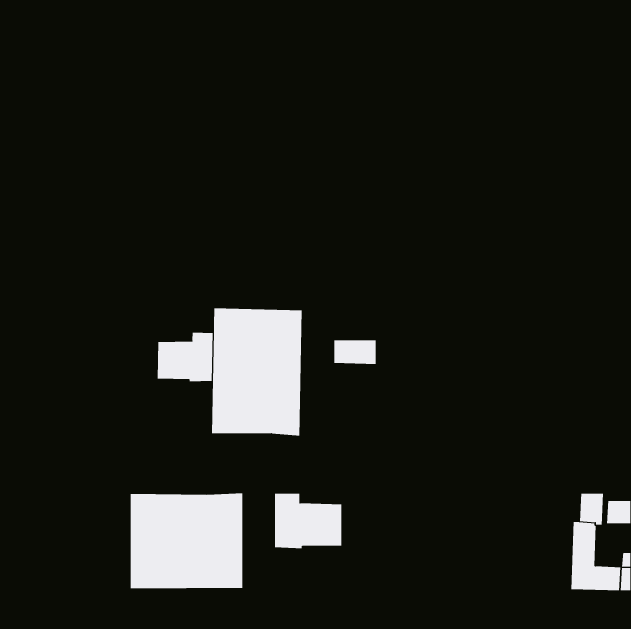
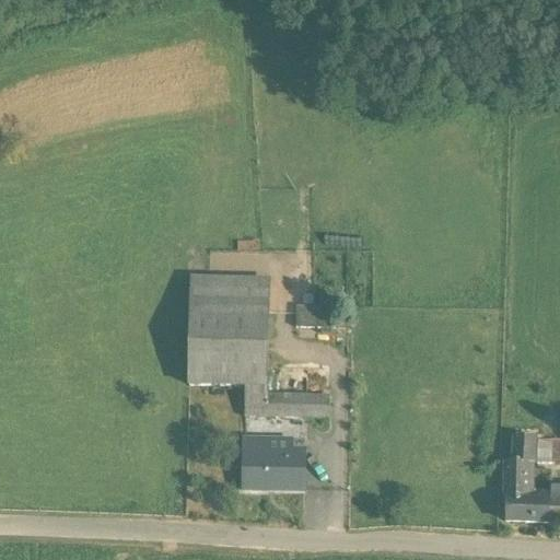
building: [157,332,213,382] -> none
building: none -> [240,384,328,417]
building: [130,493,243,589] -> none

